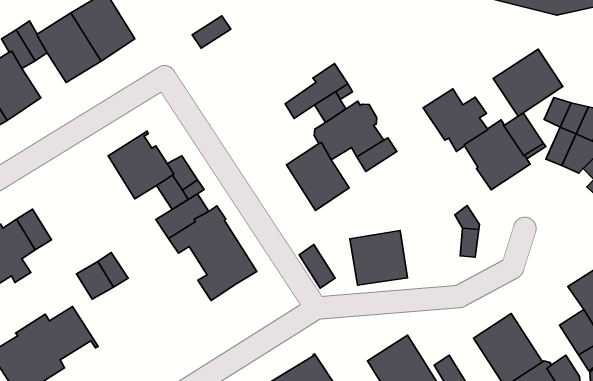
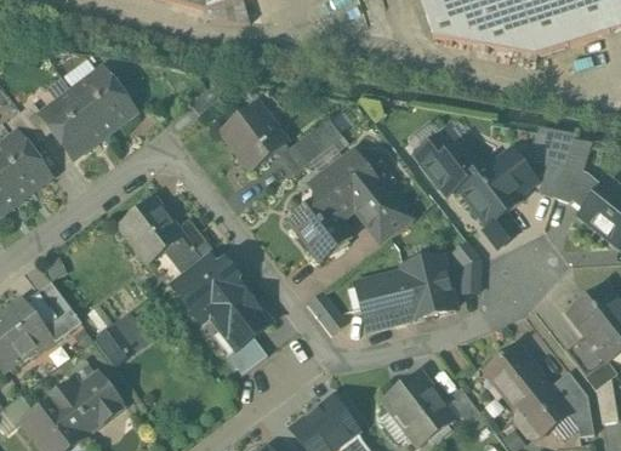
building: none -> [222,102,286,169]
building: [493,49,563,116] -> none
building: none -> [365,195,412,242]
building: none -> [401,255,455,316]
building: none -> [227,335,267,372]

